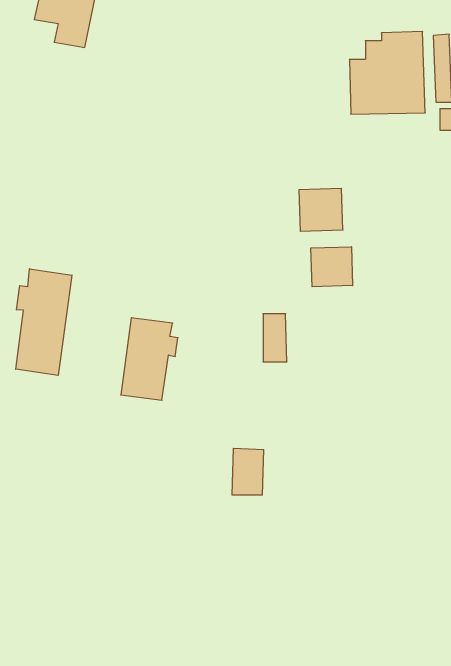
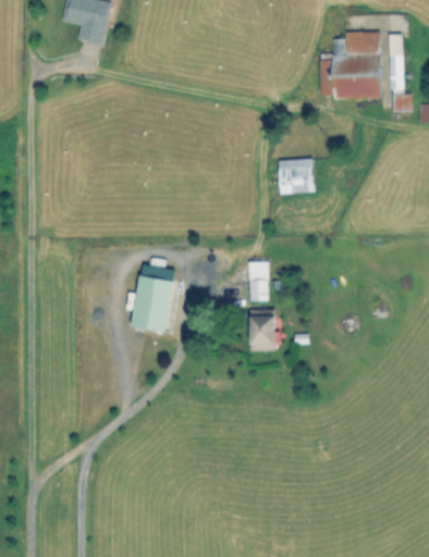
building: [311,247,353,287] -> none
building: [16,269,72,375] -> none
building: [232,448,264,495] -> [250,312,277,350]

